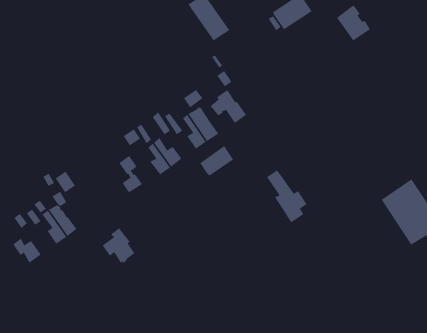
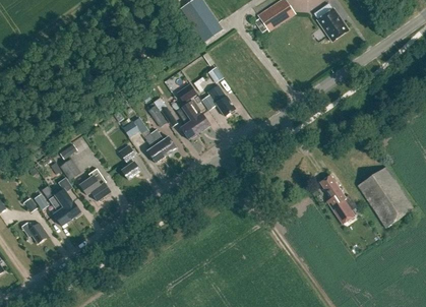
building: [199,145,234,176] -> none
building: [266,169,308,223] -> [319,175,357,224]
building: [102,228,135,263] -> [79,168,110,200]

